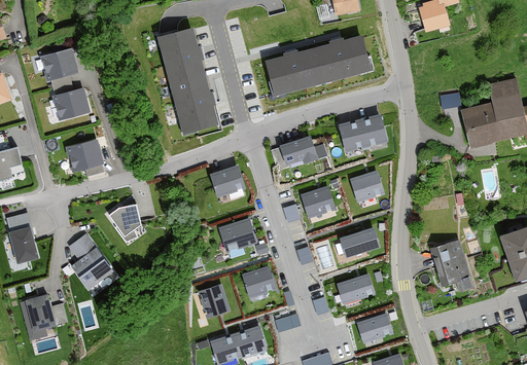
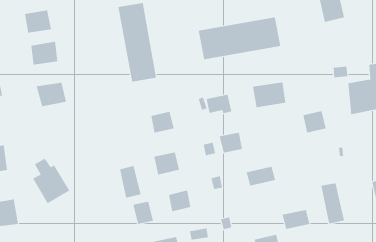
building: [352,169,384,199] -> [302,110,326,133]
building: [109,205,141,238] -> none
building: none -> [120,165,141,198]
building: [338,272,375,300] -> [282,209,310,229]

